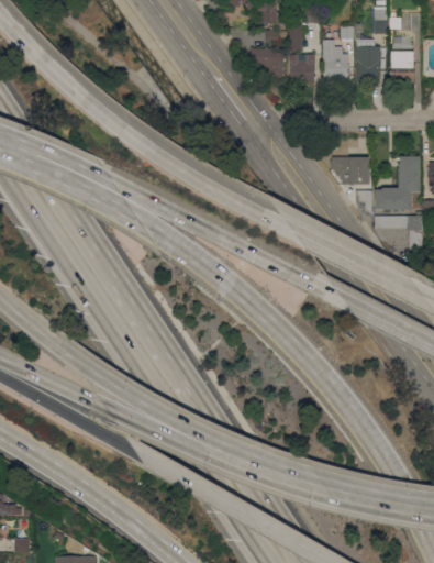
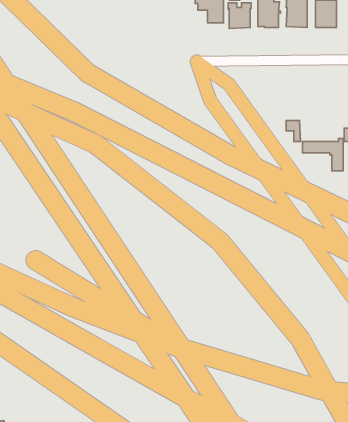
building: [374,156,420,210] -> none
building: [331,157,369,185] -> none

